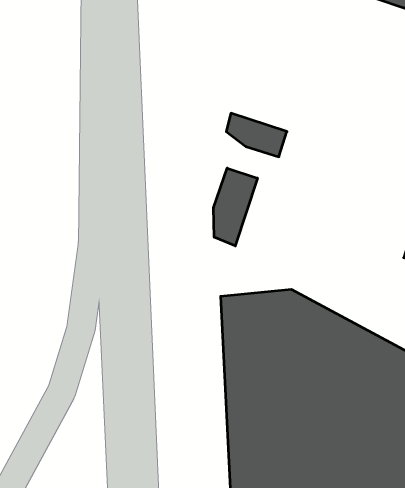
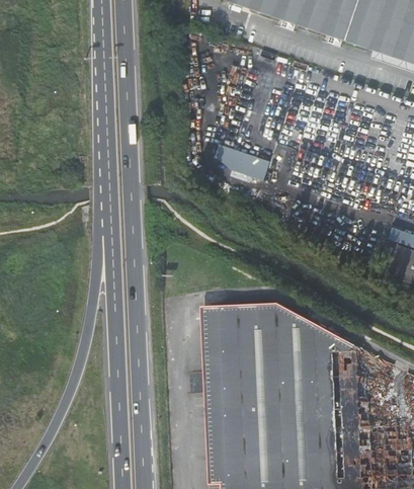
building: [214,168,257,246] -> none

